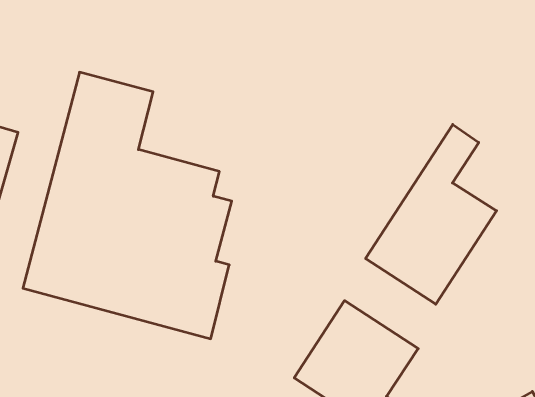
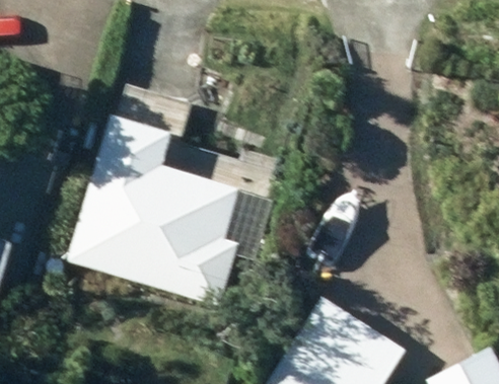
building: [366,124,497,304] -> none

